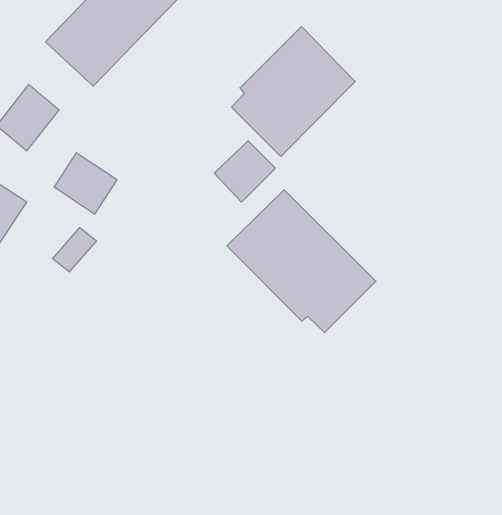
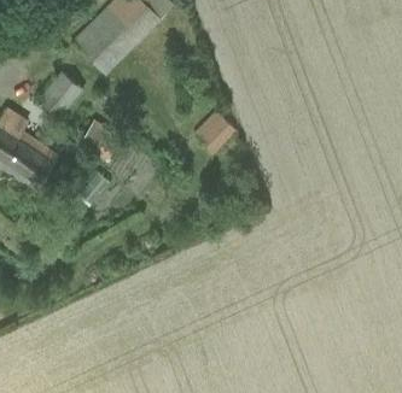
building: [232,27,355,156] -> none
building: [227,190,376,333] -> none

